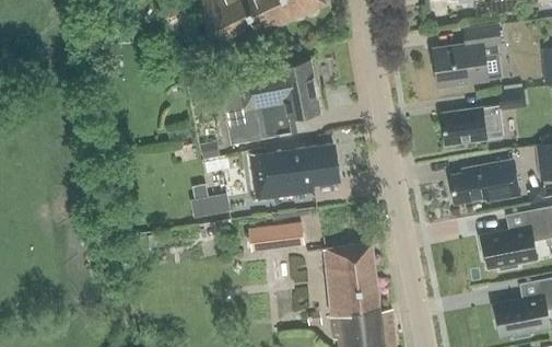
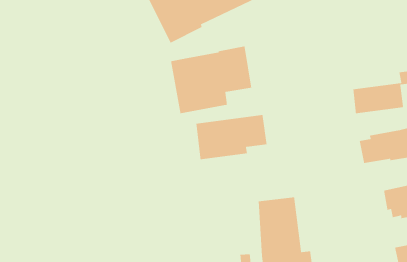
building: [433,24,501,85] -> none
building: [190,193,231,218] -> none
building: [251,224,306,251] -> none

